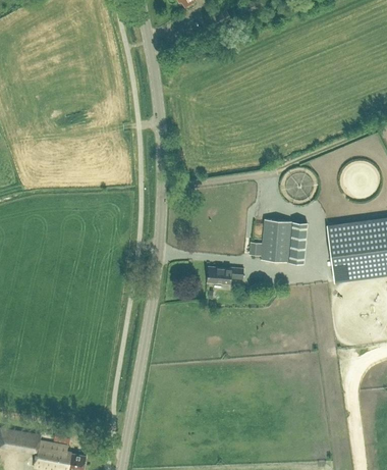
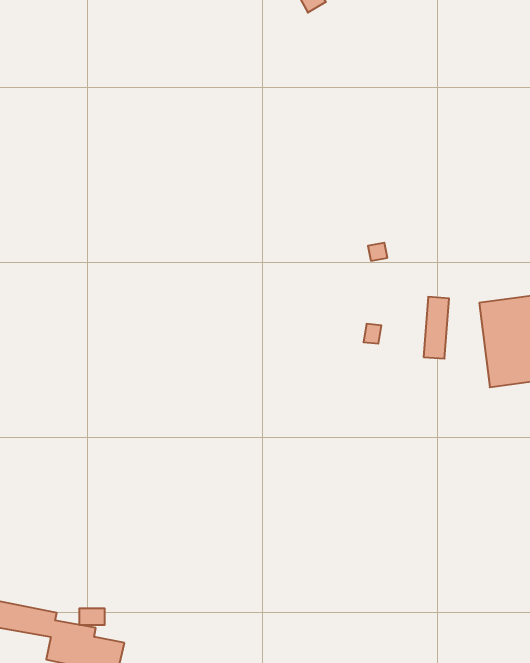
building: [261,219,292,262] -> none
building: [207,267,243,283] -> none

